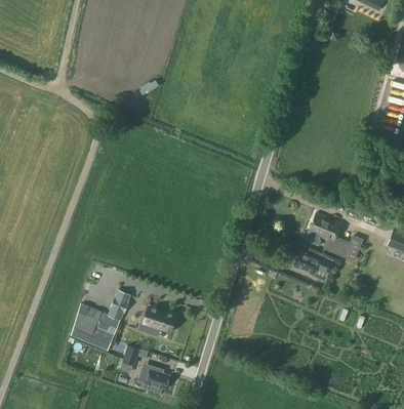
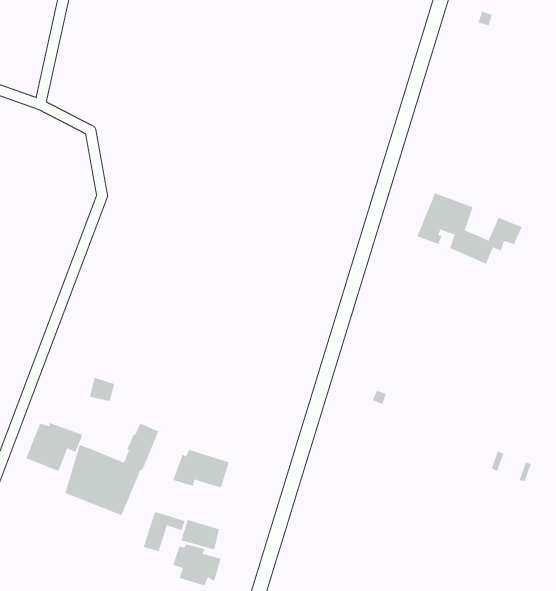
building: [305,213,371,258] -> [416,193,523,264]
building: [293,251,332,275] -> none
building: none -> [26,422,83,472]

